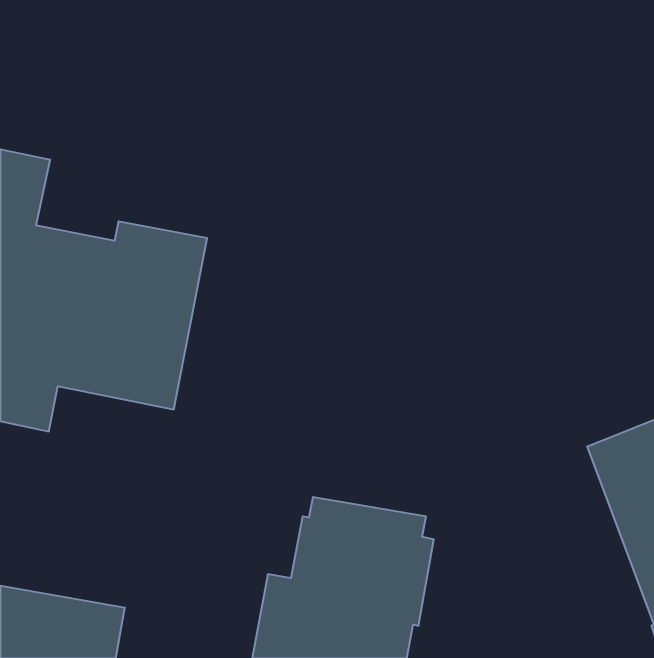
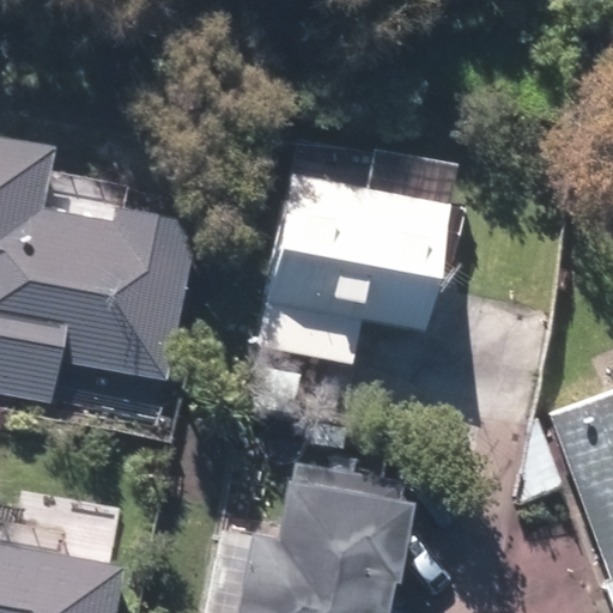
building: none -> [257,176,445,364]

